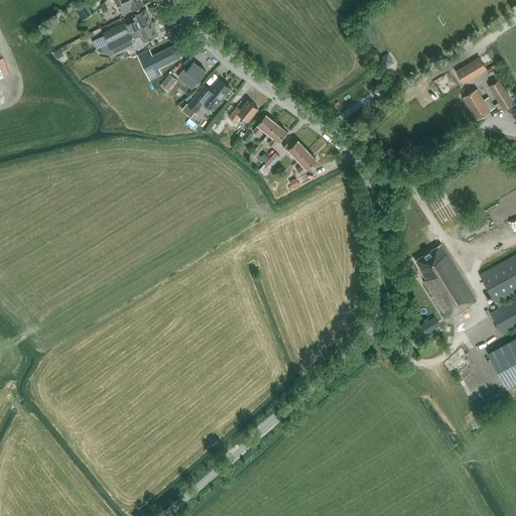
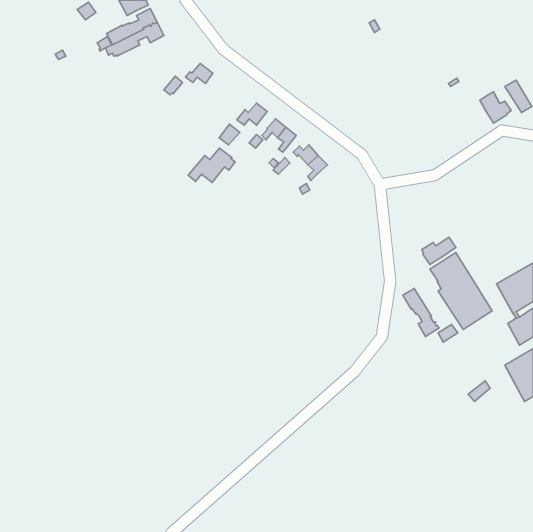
building: [138,45,181,81] -> none
building: [456,56,488,84] -> none
building: [188,80,234,113] -> [188,148,235,183]
building: none -> [422,237,456,264]
building: none -> [403,288,439,336]

